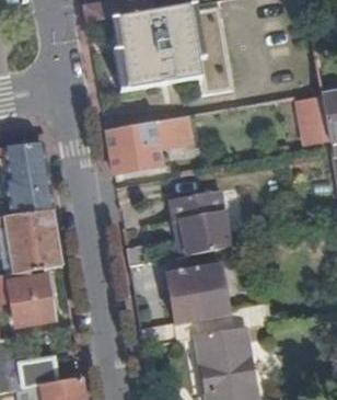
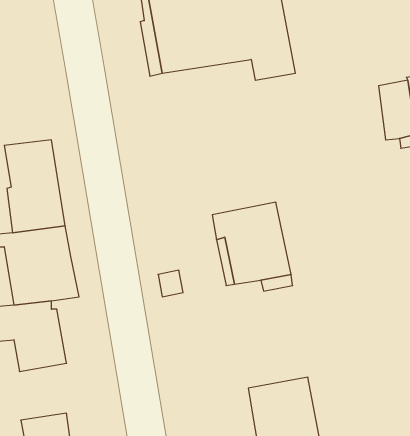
building: [105,114,190,172] -> none
building: [140,264,272,346] -> none

